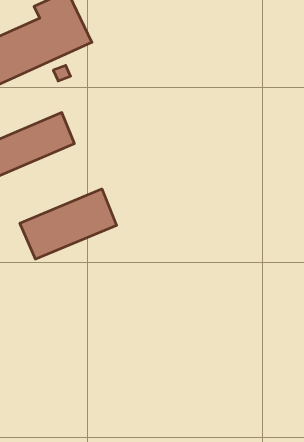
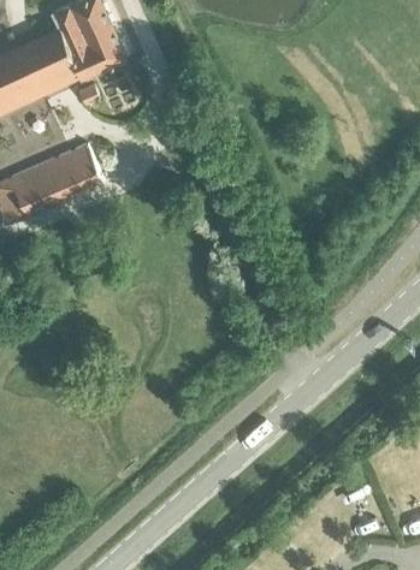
building: [20,189,117,259] -> none

